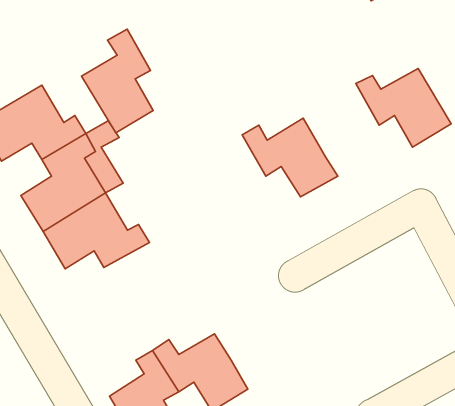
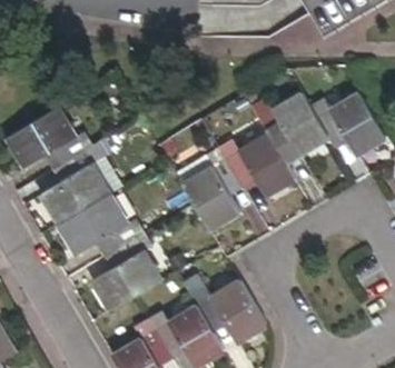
building: [81,29,153,133] -> [181,147,239,230]
building: none -> [250,92,328,165]
building: none -> [92,233,160,311]
building: none -> [182,275,266,344]

